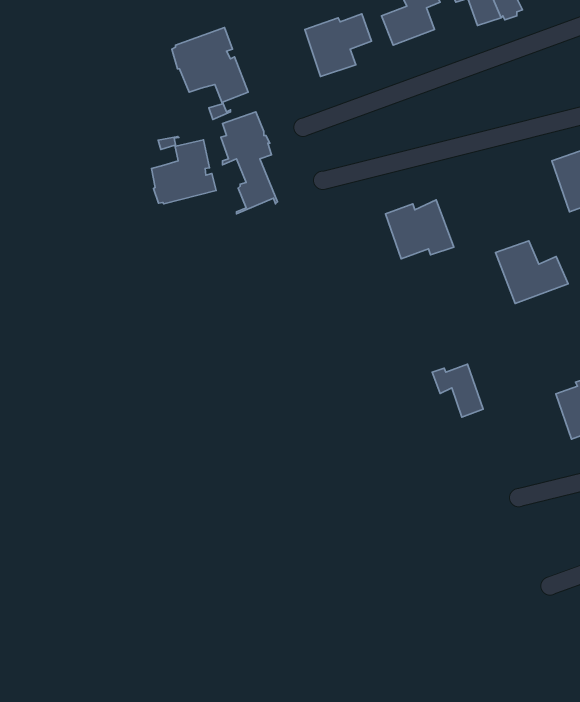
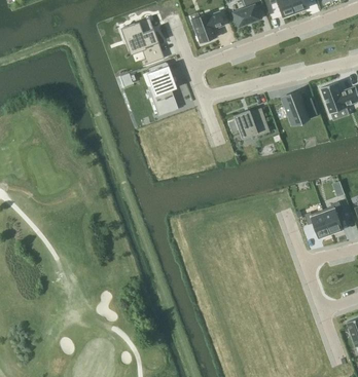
building: [152,136,216,204] -> none
building: [496,241,568,303] -> [281,91,319,124]
building: [432,364,483,417] -> [305,210,331,237]

